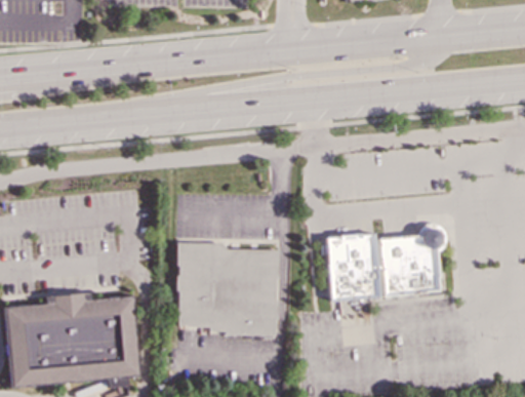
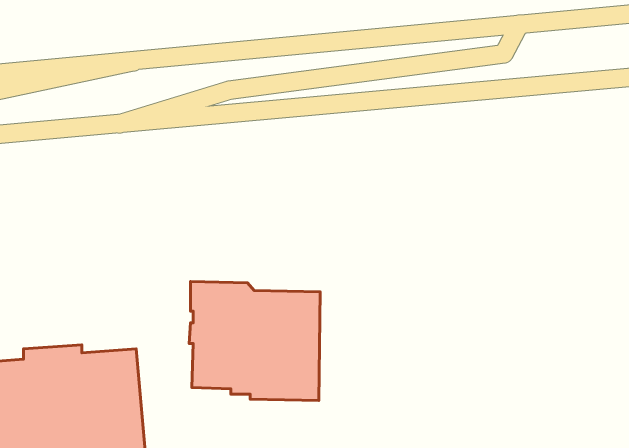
building: [320,224,446,301] -> none

